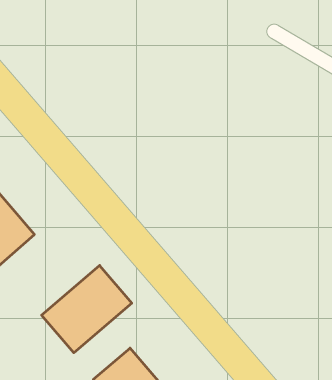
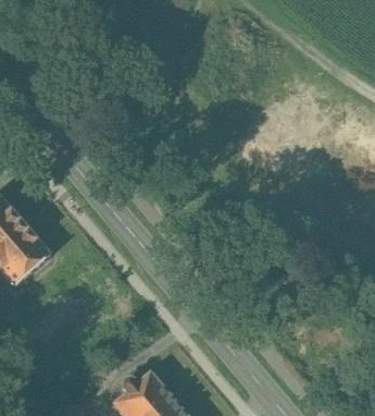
building: [42,265,132,353] -> none

